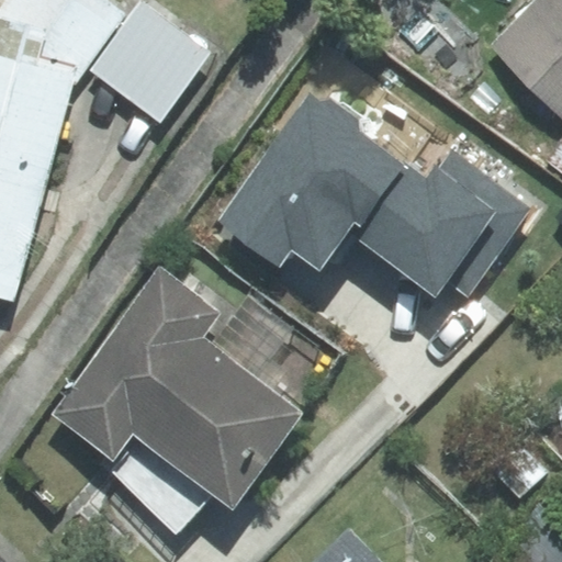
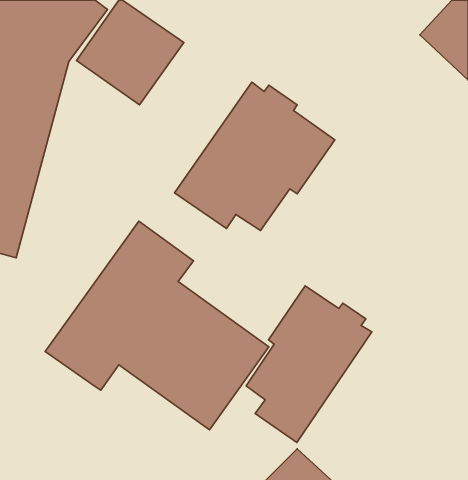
building: [336,158,515,303] -> none
building: none -> [246,286,372,442]

